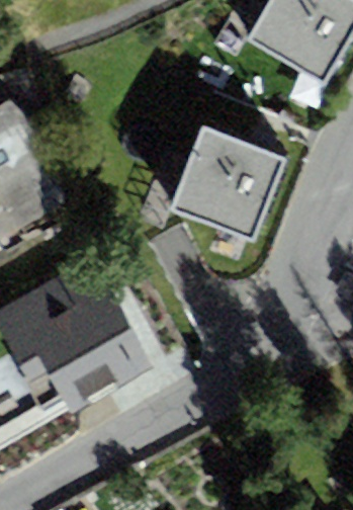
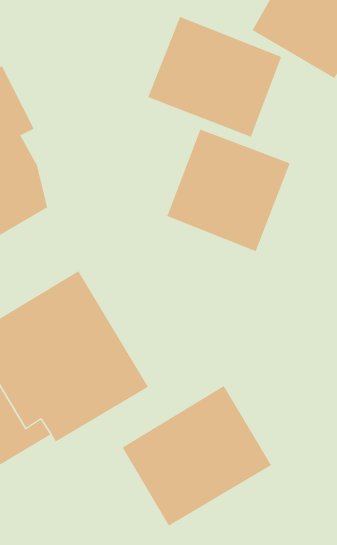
building: none -> [147,16,282,138]
building: none -> [122,385,272,526]

